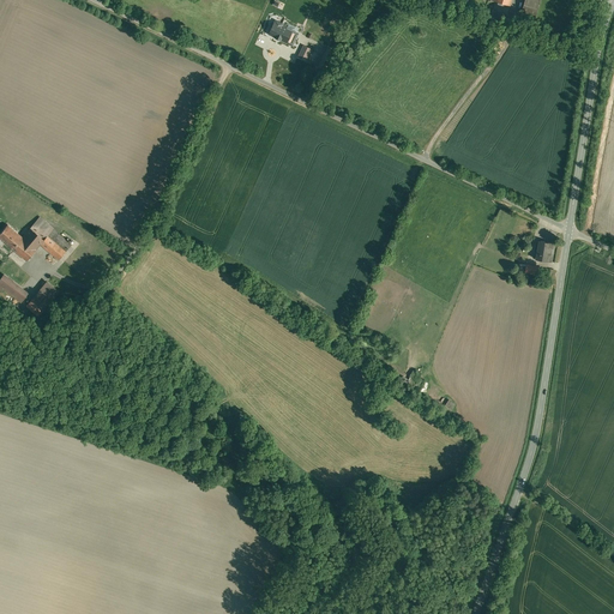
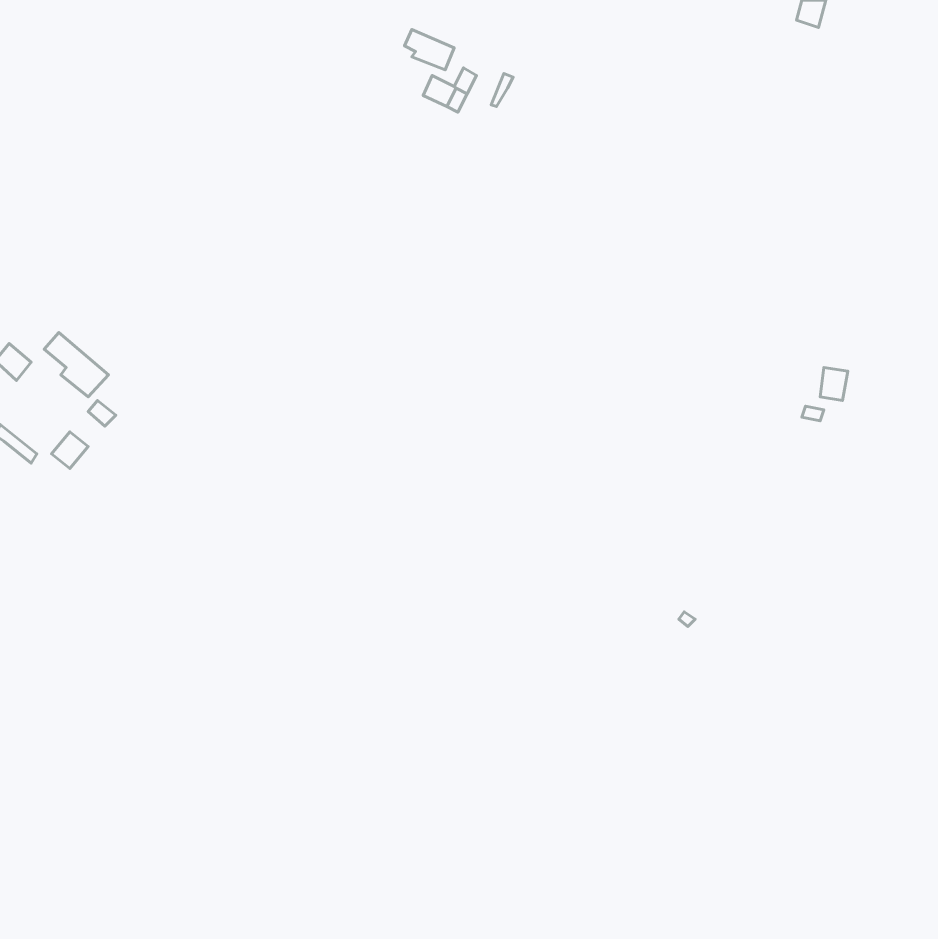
building: [11,228,43,260] -> none

